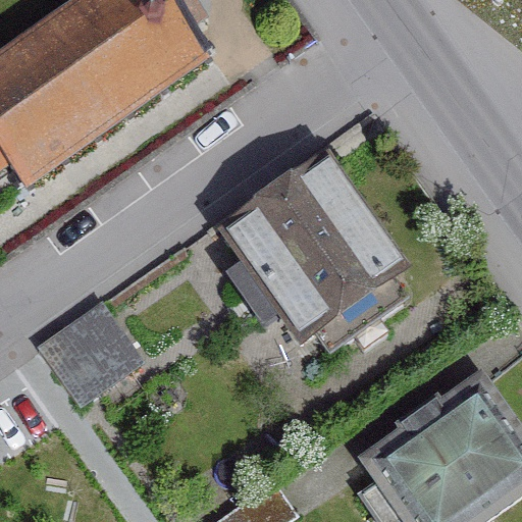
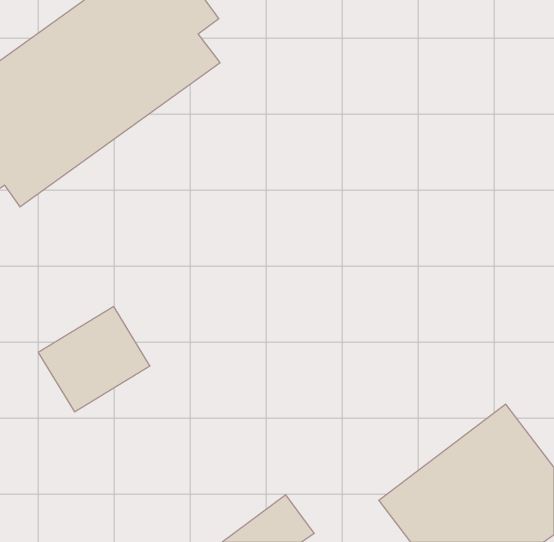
building: [224,163,409,352] -> none

